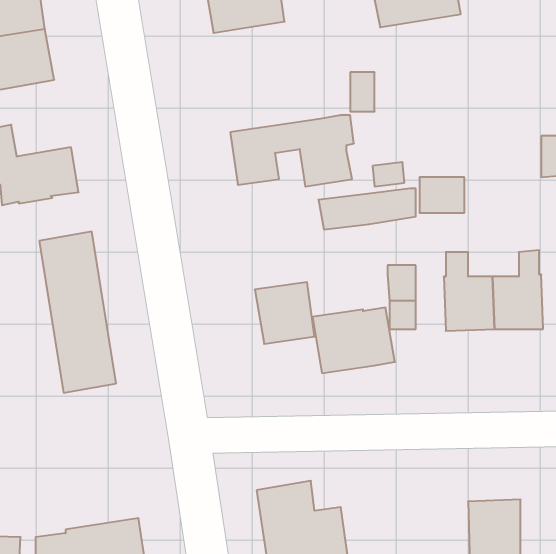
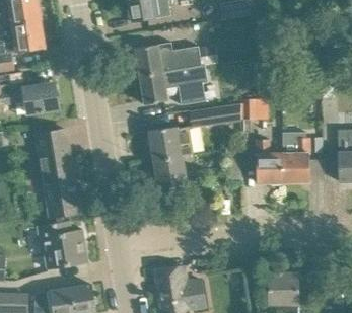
building: none -> [135,42,200,75]
building: [312,308,395,373] -> [148,125,193,160]
building: none -> [36,220,87,268]

